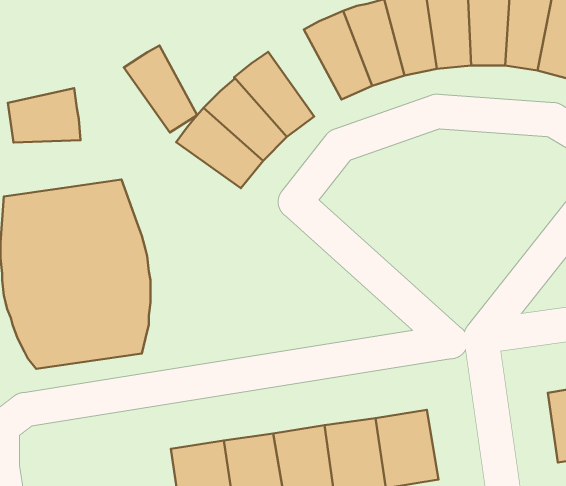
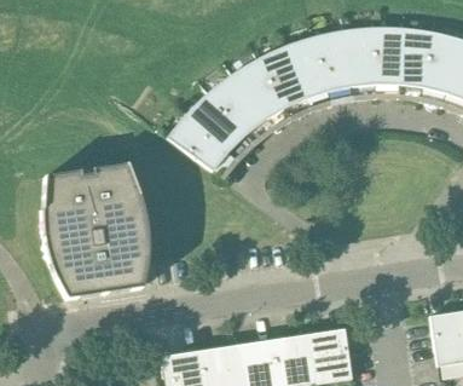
building: [124,45,197,132] -> [232,59,284,121]
building: [8,88,81,143] -> none

